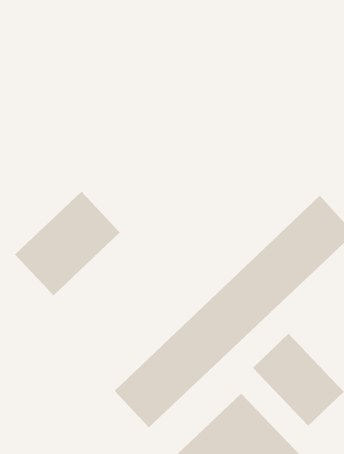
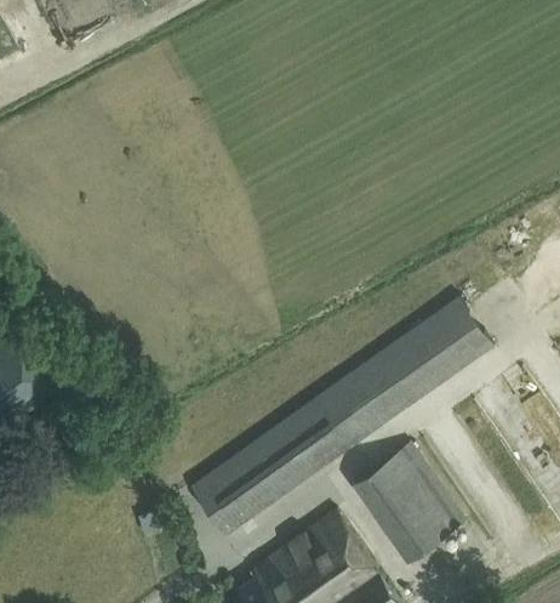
building: [14,191,121,296] -> none

